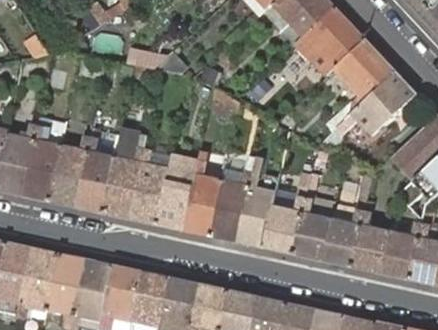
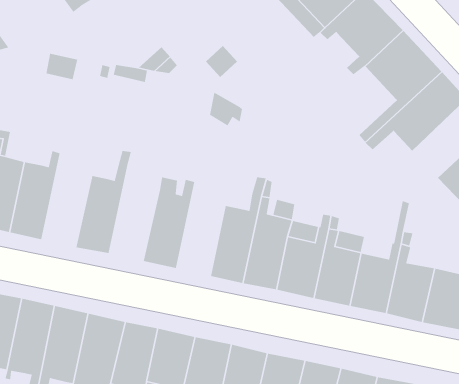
building: [75,137,115,213] -> none
building: [129,148,169,224] -> none
building: [183,151,222,236] -> none

